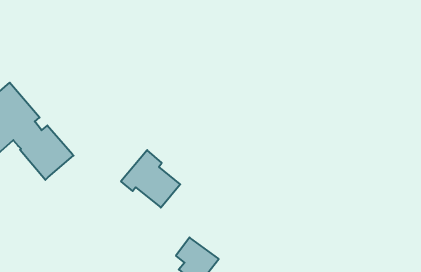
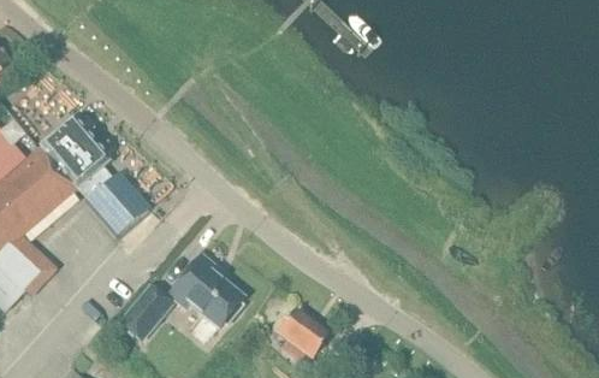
building: [121,150,180,208] -> [170,255,243,326]
building: none -> [118,285,170,339]

